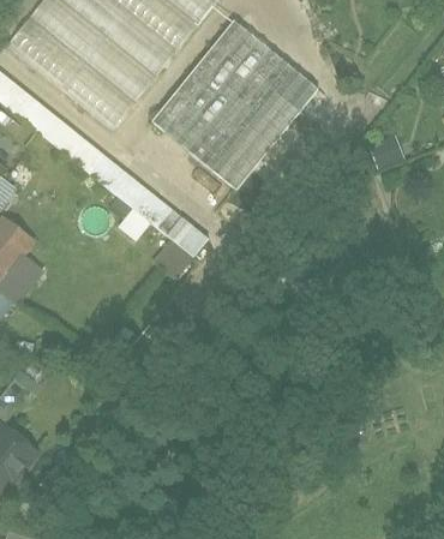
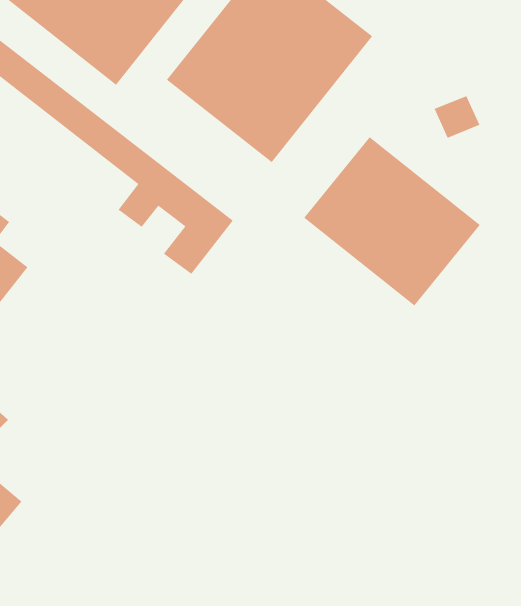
building: none -> [303,136,481,307]

